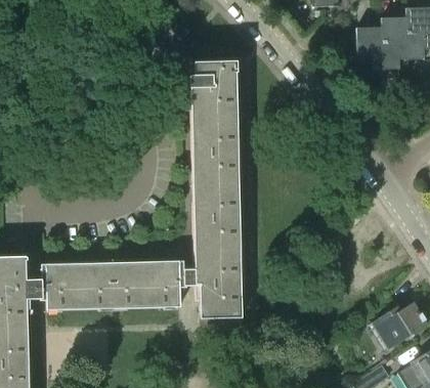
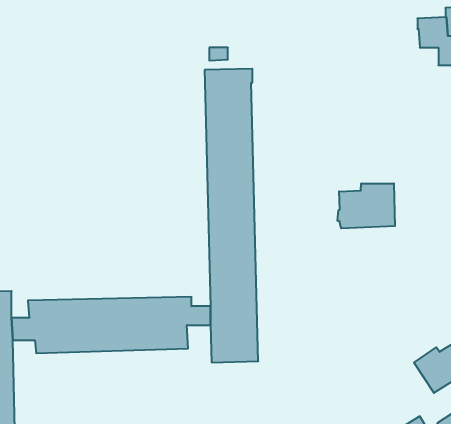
building: [355,27,399,69] -> none
building: none -> [338,183,395,228]

